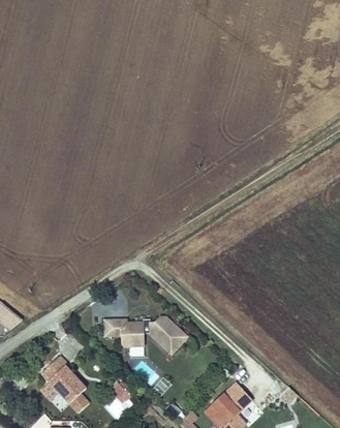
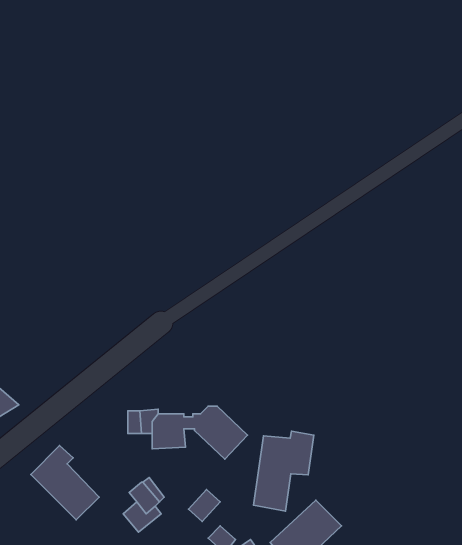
building: none -> [253,431,314,511]

